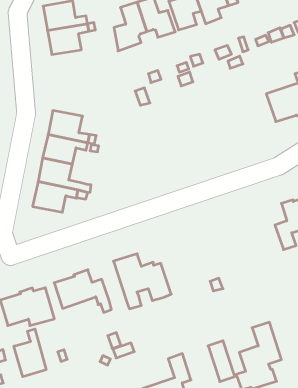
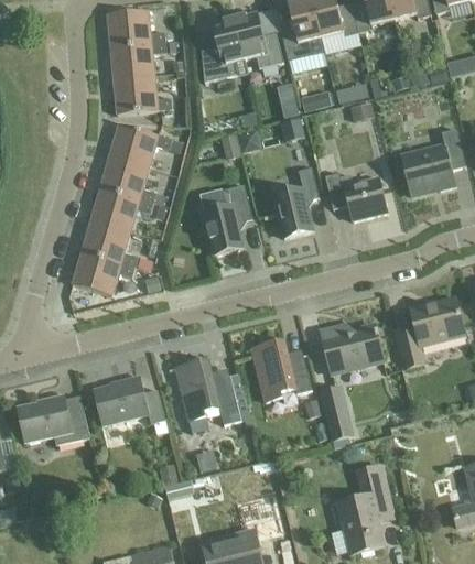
building: none -> [114,76,172,113]
building: none -> [109,122,182,166]
building: none -> [272,166,319,237]
building: none -> [324,172,387,219]
building: none -> [203,184,252,254]
building: none -> [320,324,384,372]
building: none -> [251,339,312,401]
building: [14,329,46,377] -> none
building: [208,341,235,382] -> [320,386,353,441]

